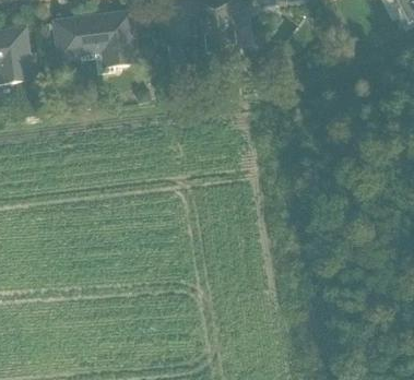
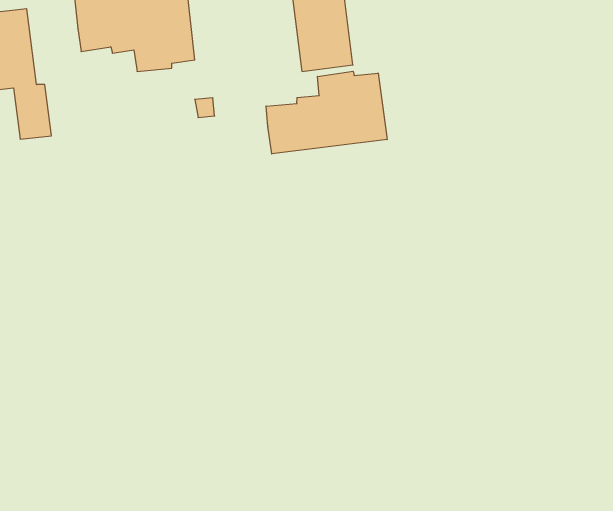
building: none -> [266,71,387,154]

